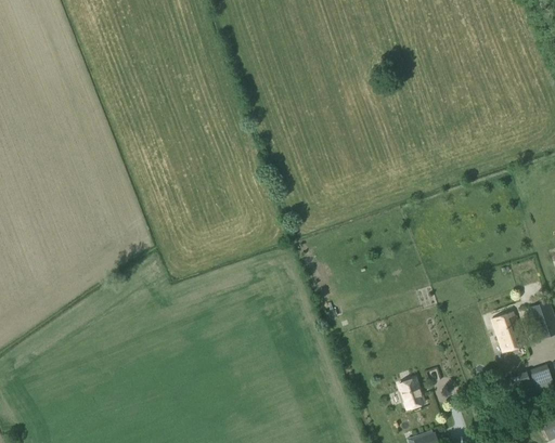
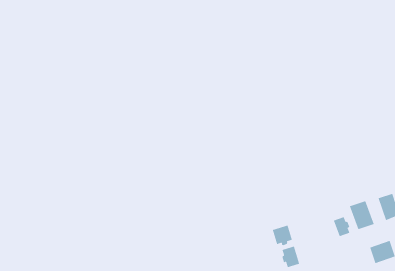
building: none -> [333,216,350,237]
building: none -> [272,225,293,246]

